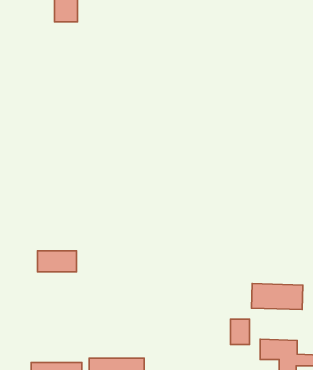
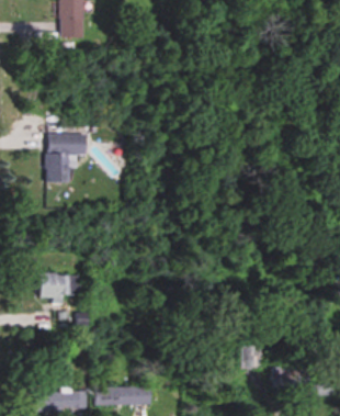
building: none -> [46,133,87,182]
building: [251,284,303,309] -> none

